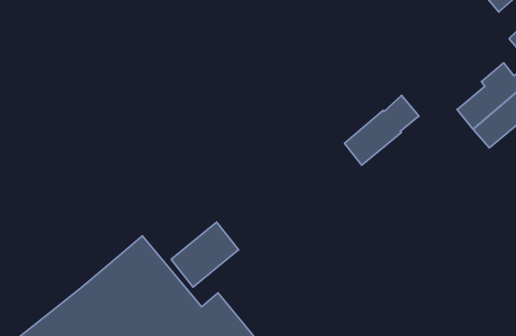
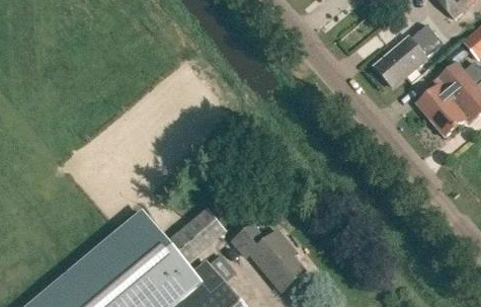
building: [345,95,419,165] -> [377,25,442,86]
building: none -> [232,224,306,292]

